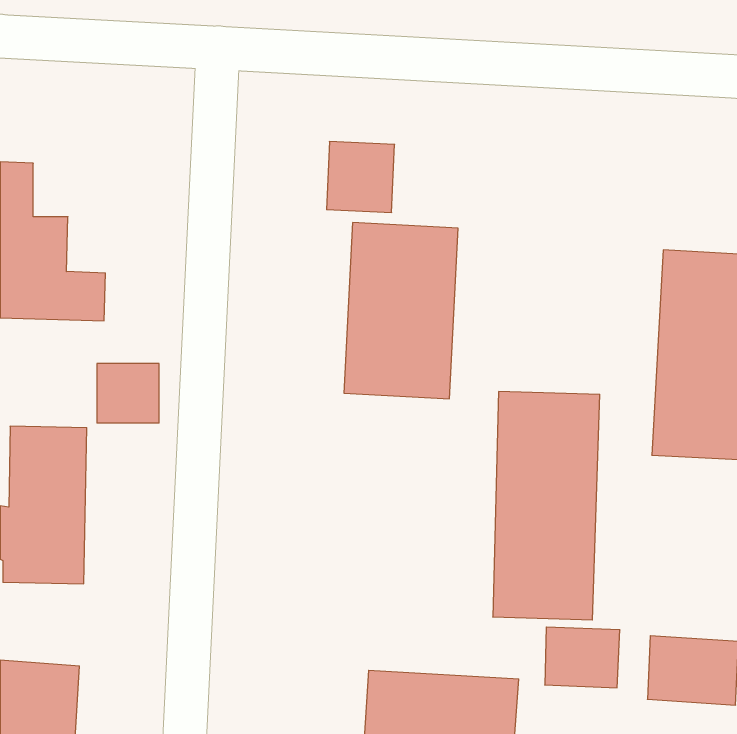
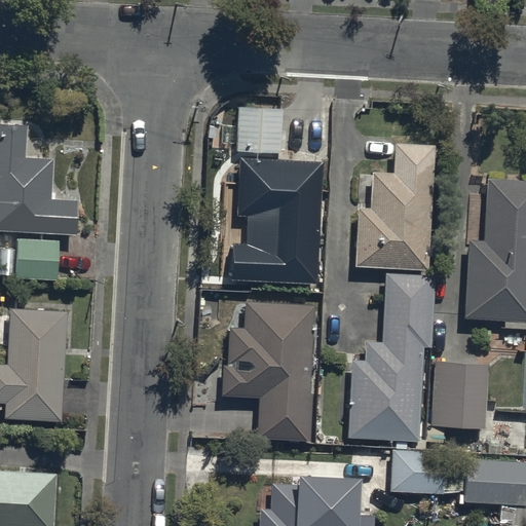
building: none -> [352,147,439,270]
building: [97,364,159,423] -> [13,237,58,279]
building: none -> [225,305,317,443]
building: none -> [423,359,485,442]

